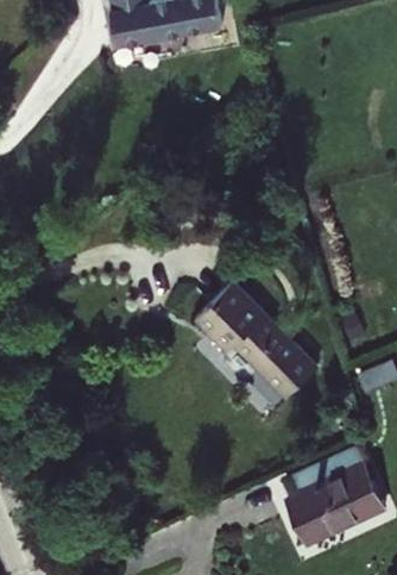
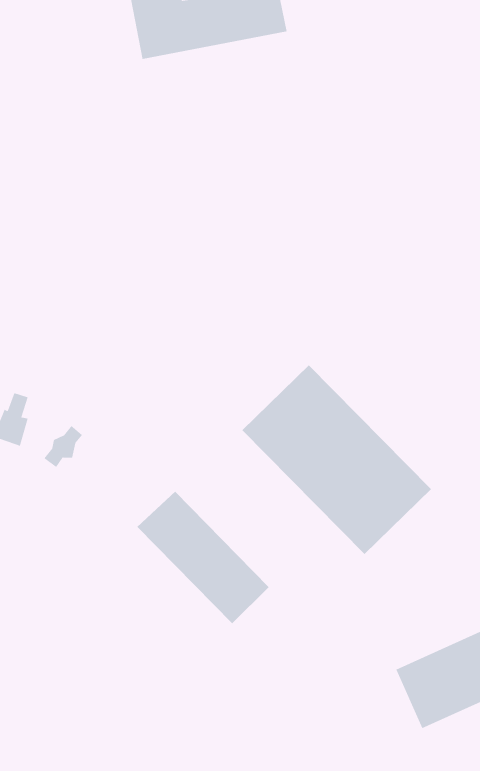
building: none -> [136,491,269,624]

